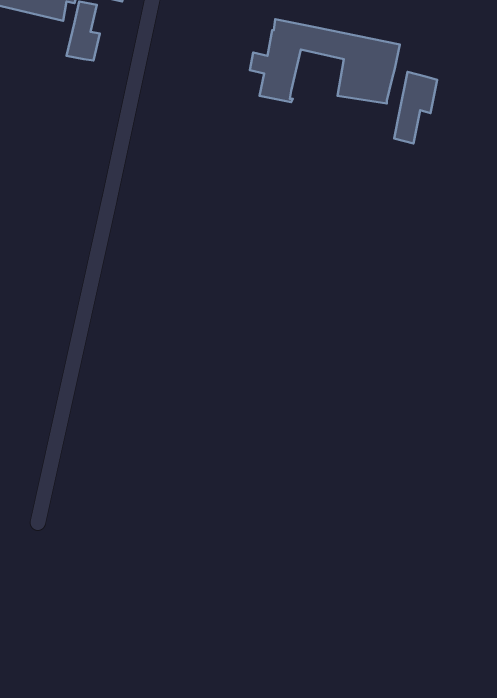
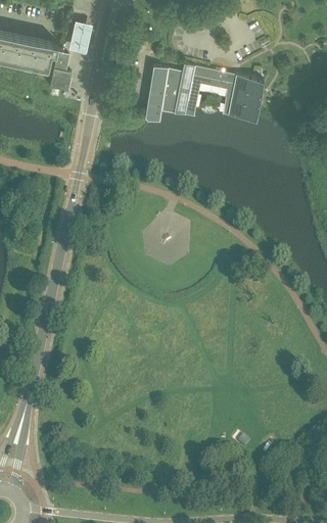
building: none -> [145,64,182,121]
building: [394,72,437,144] -> none

